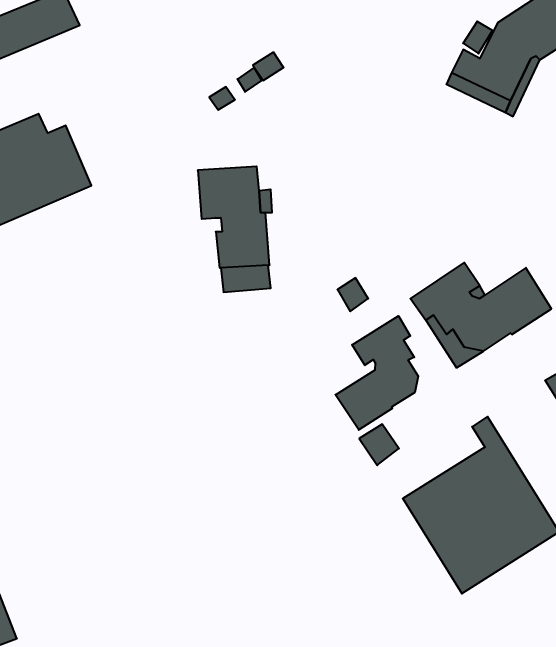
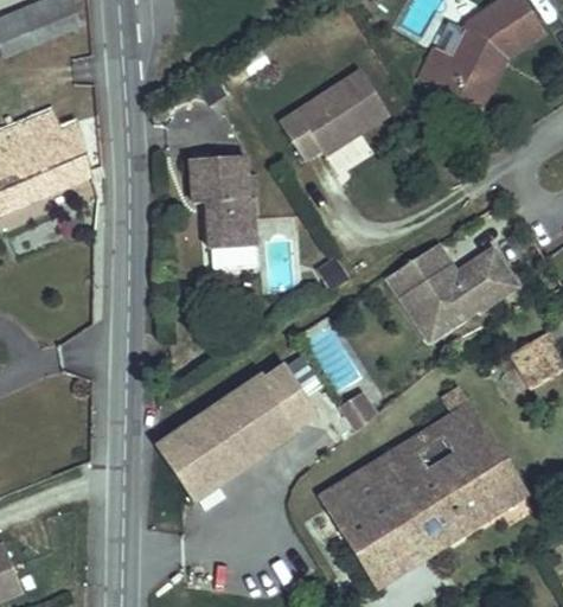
building: none -> [280,69,389,160]
building: [335,316,418,430] -> none
building: none -> [156,366,314,500]
building: none -> [319,460,434,586]

